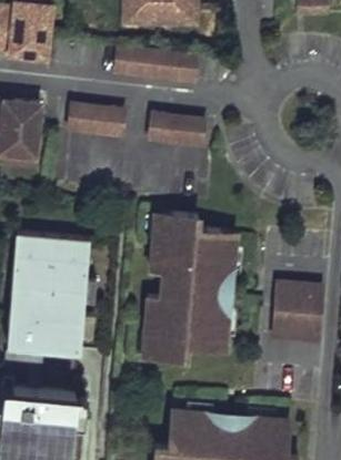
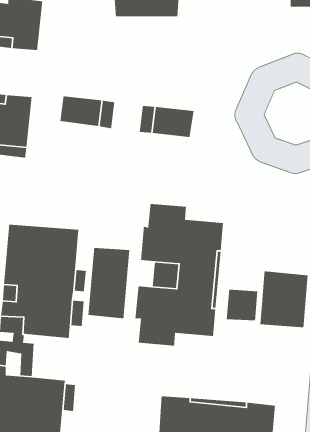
building: [116,45,199,82] -> none
building: none -> [88,247,130,319]
building: none -> [226,289,258,321]

